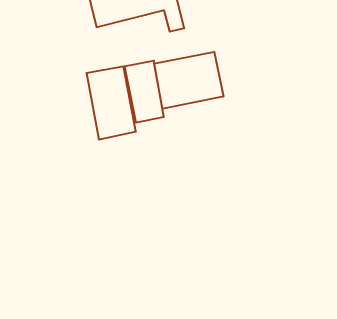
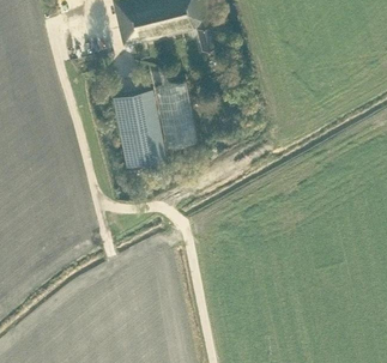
building: [154,52,223,109] -> none

